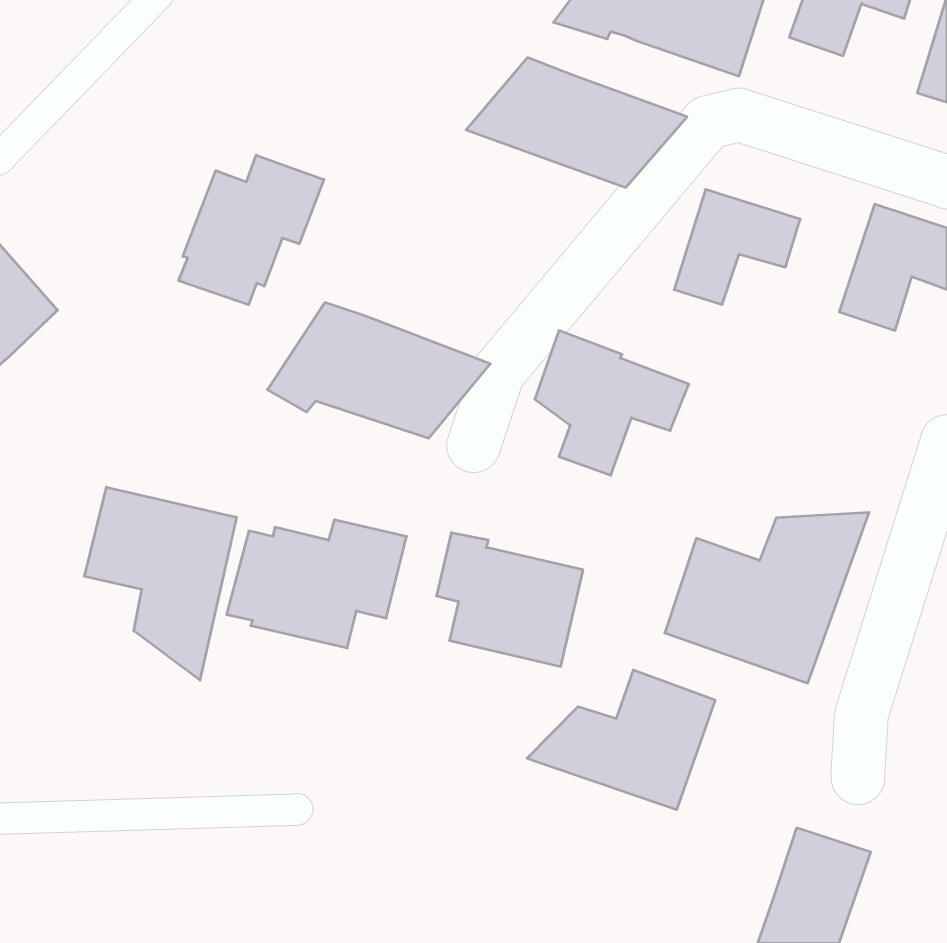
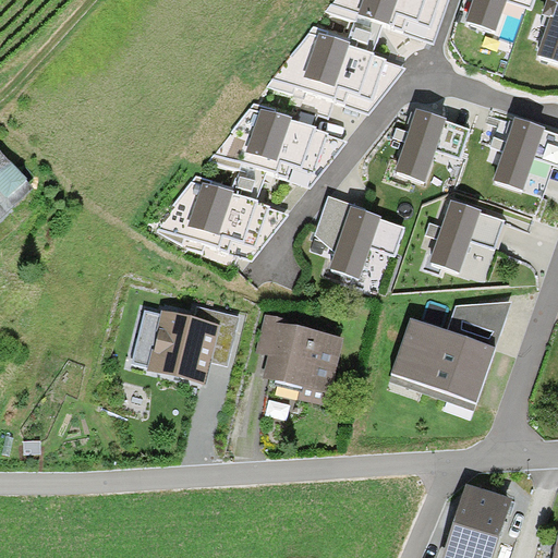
building: [179,155,324,305] -> none
building: none -> [210,102,345,183]
building: none -> [426,199,506,281]
building: [84,487,236,680] -> none
building: [527,670,715,810] -> none

